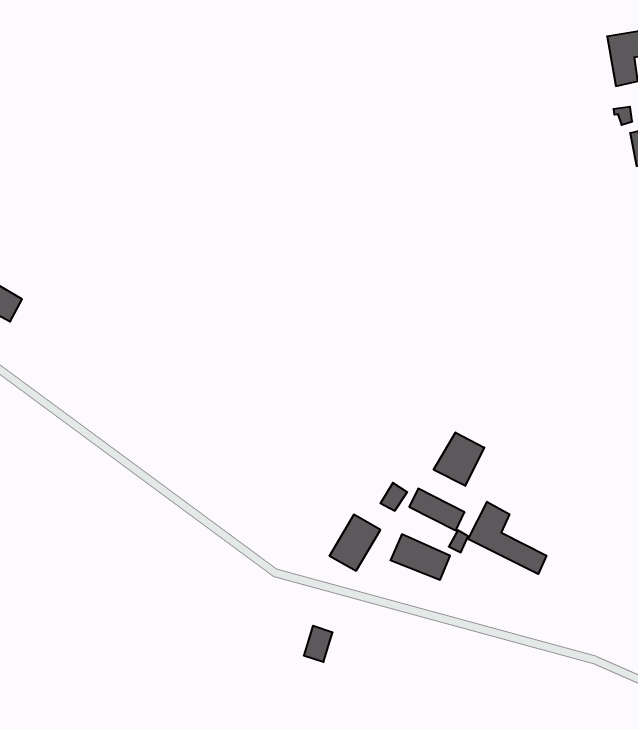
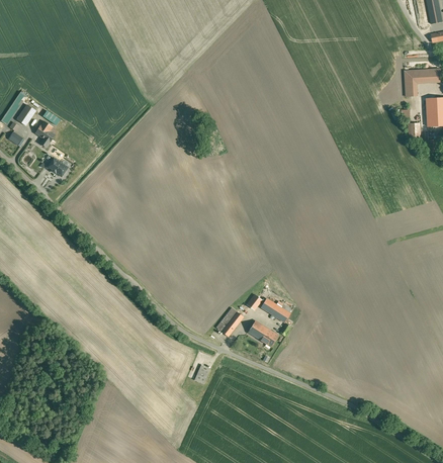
building: [434,432,484,486] -> none
building: [468,502,546,574] -> none

